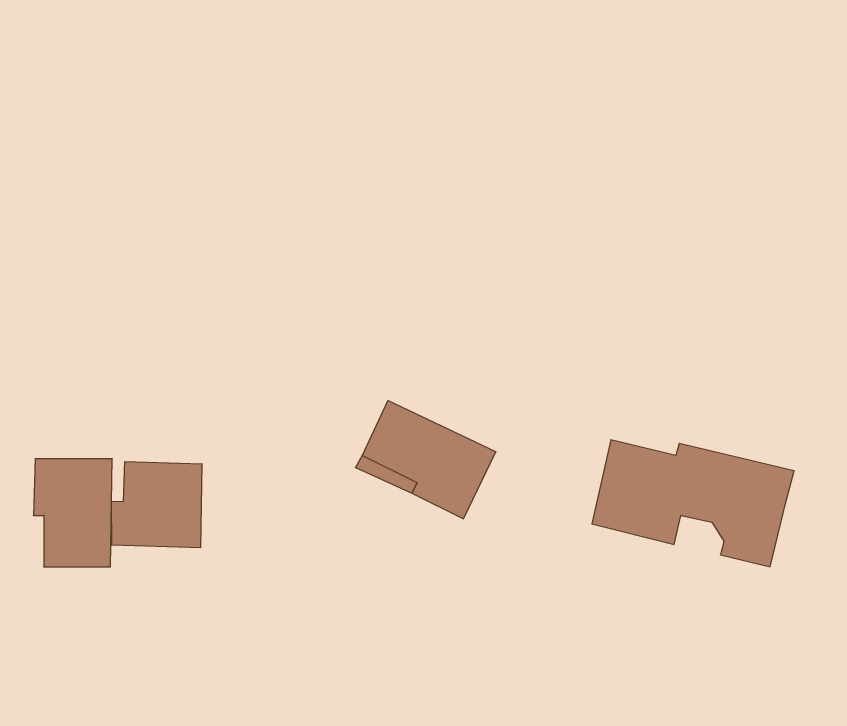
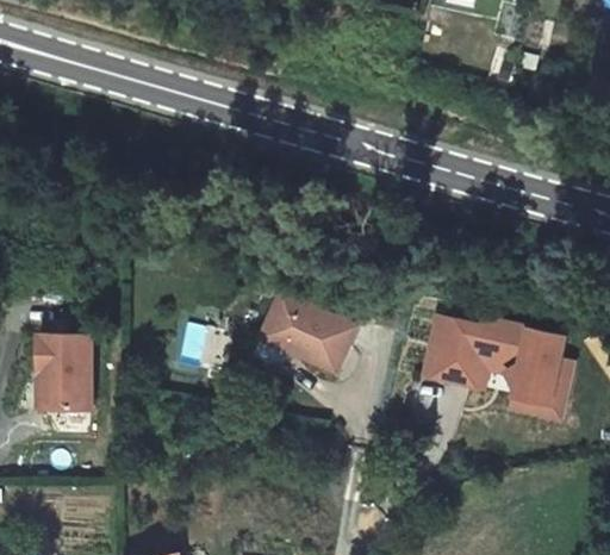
building: [112,462,202,548] -> none
building: none -> [510,361,572,420]

